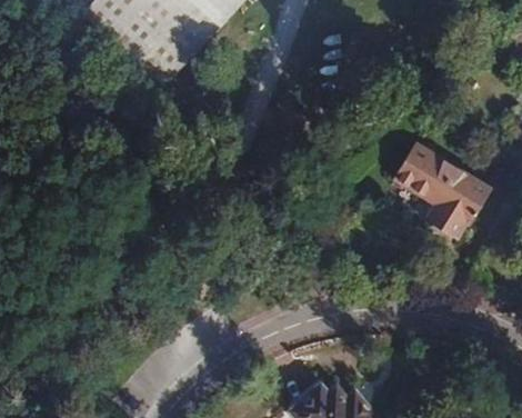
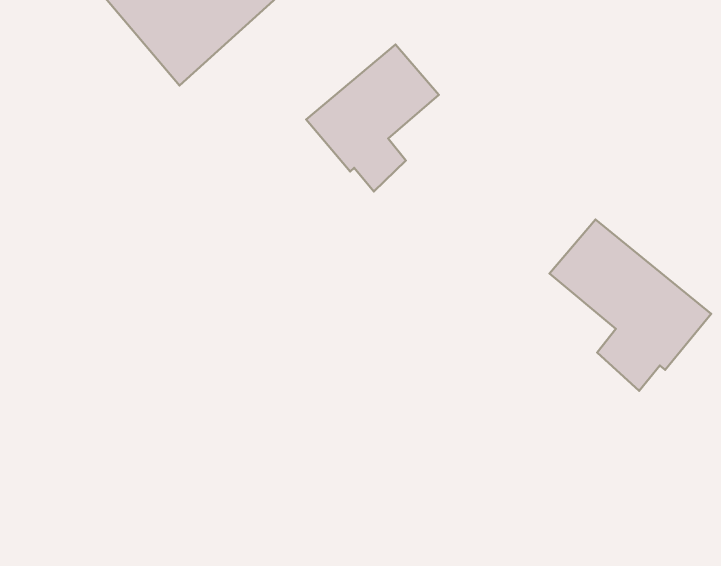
building: none -> [306,44,439,191]

